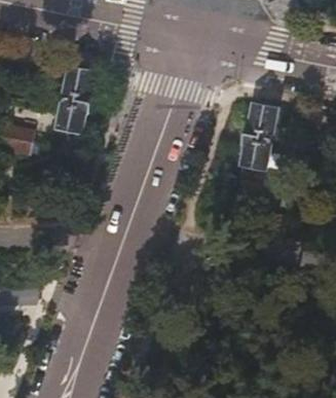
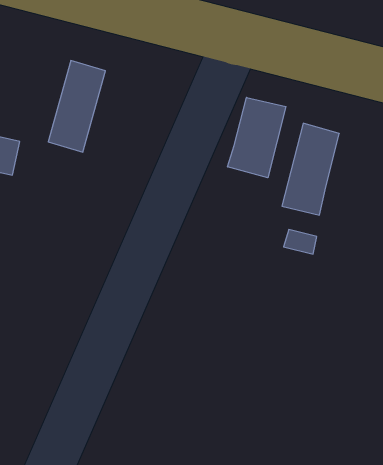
building: none -> [228,97,286,178]

